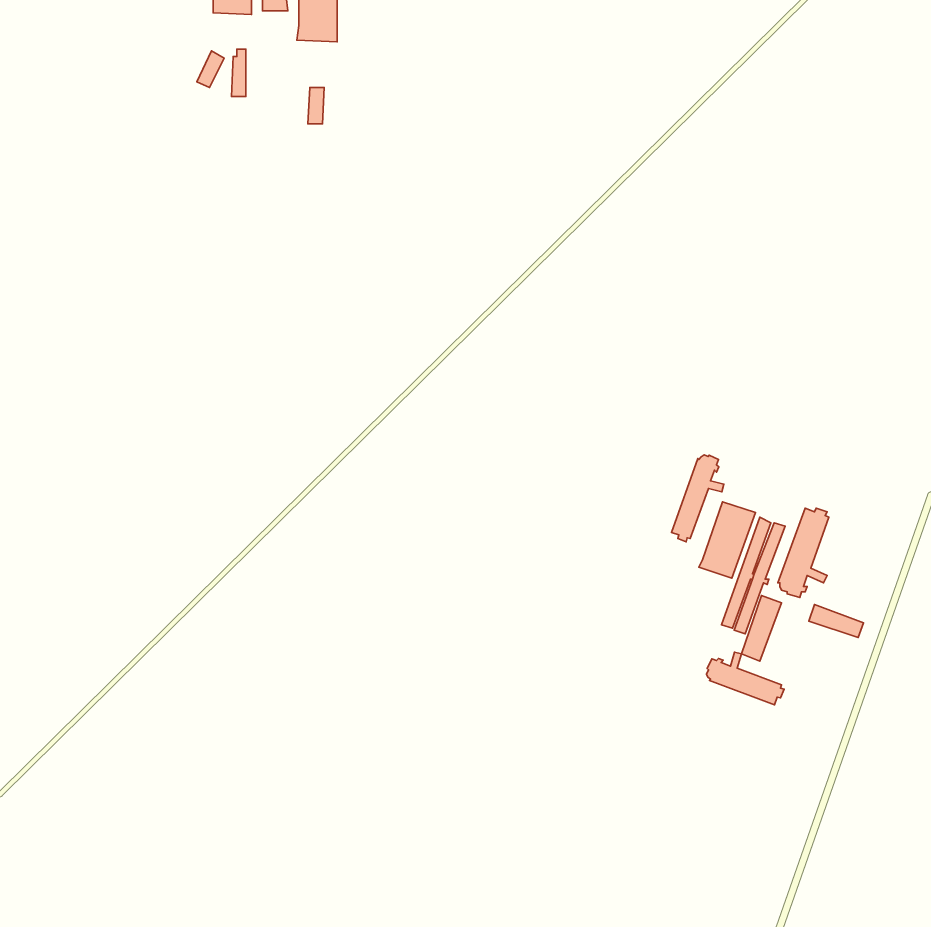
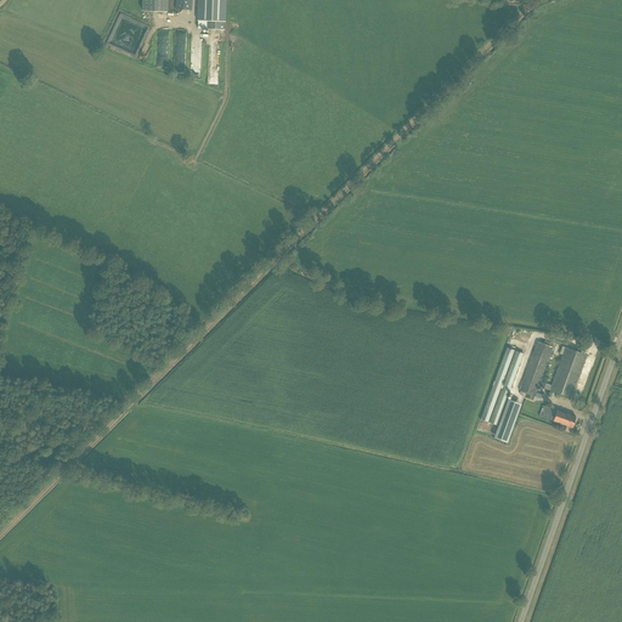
building: [672,455,724,542] -> none
building: [699,502,755,578] -> [549,345,587,396]
building: [707,652,784,705] -> none

